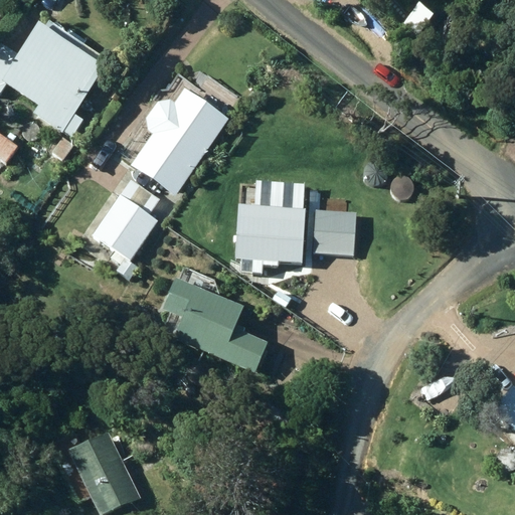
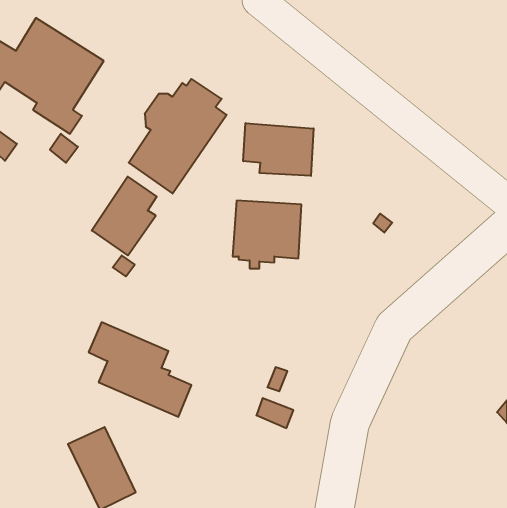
building: none -> [243,123,314,176]
building: [312,210,355,254] -> none
building: [163,278,267,373] -> [89,322,191,417]

